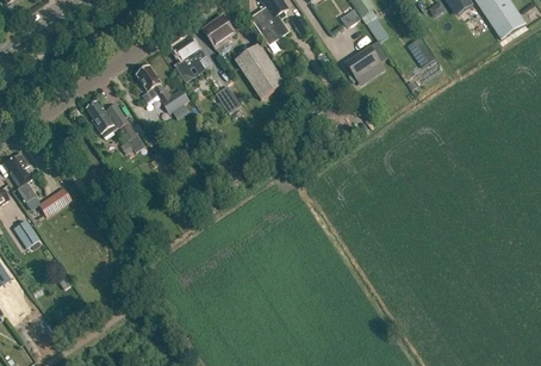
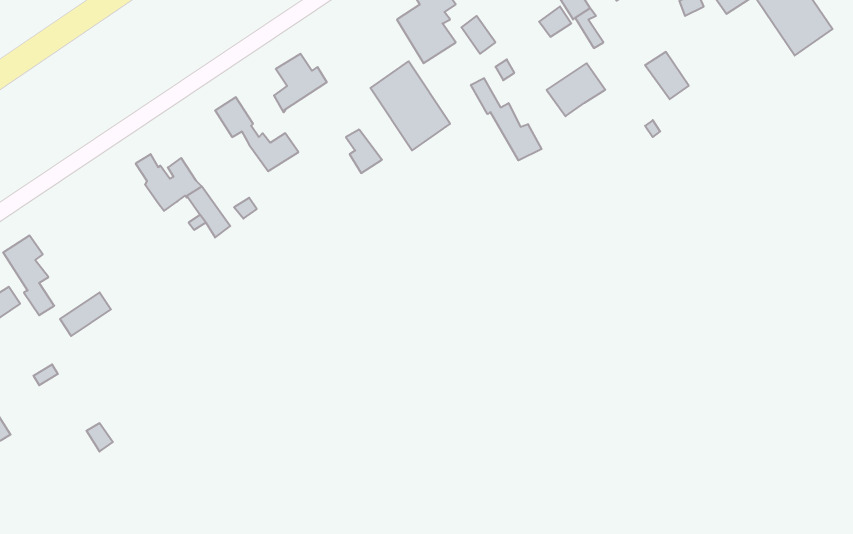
building: [203,15,235,54] -> none
building: none -> [471,78,542,160]

